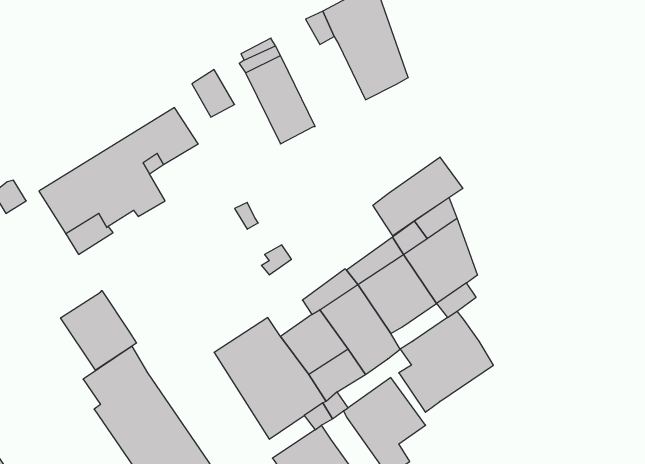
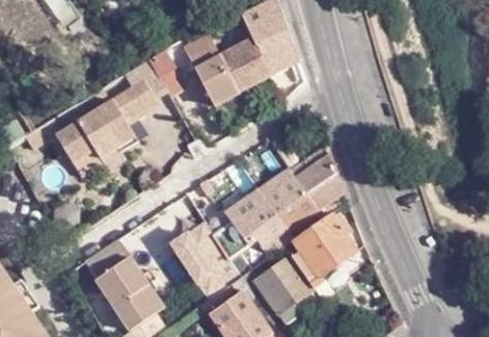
building: none -> [219,38,270,93]
building: [373,157,463,236] -> none
building: [61,291,137,370] -> none

